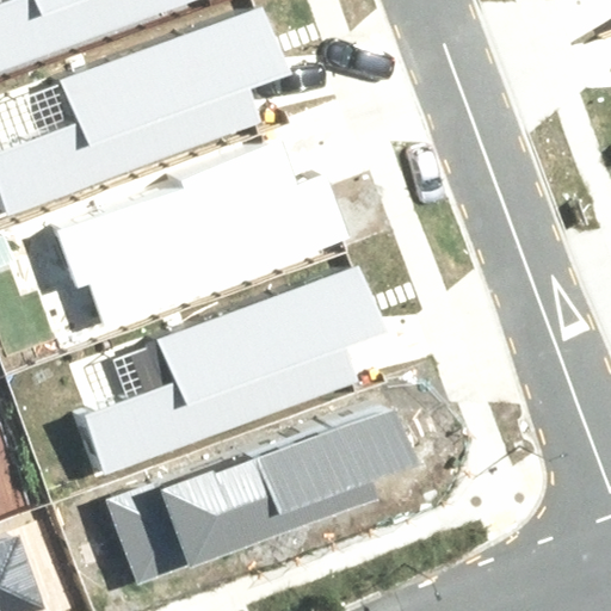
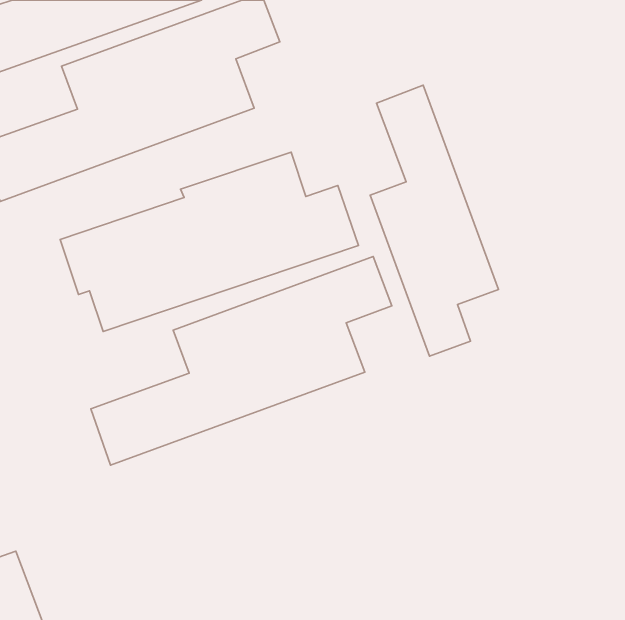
building: none -> [370,85,499,356]
building: [106,415,411,588] -> none

